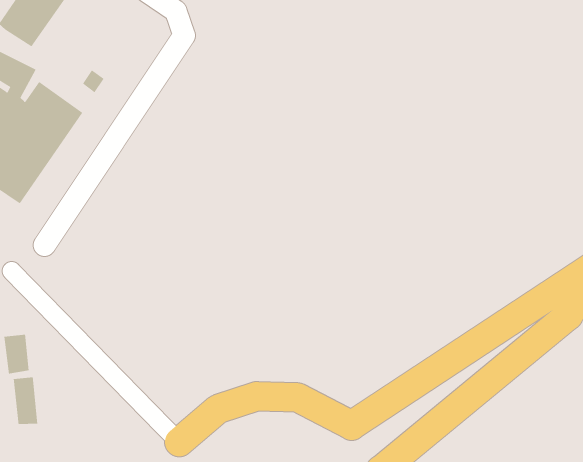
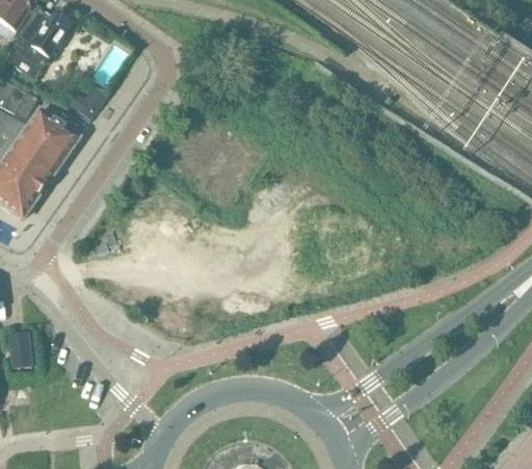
building: [13,376,38,425] -> none

